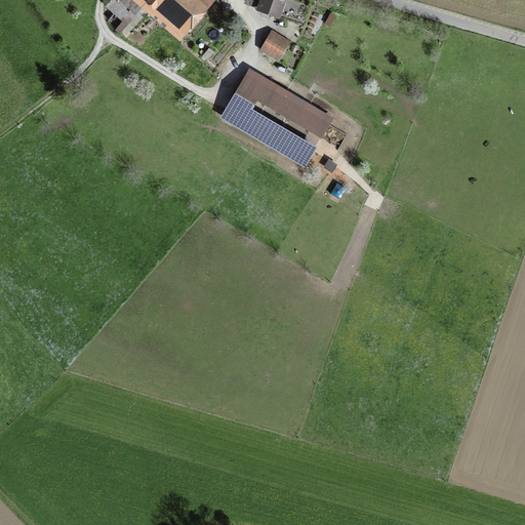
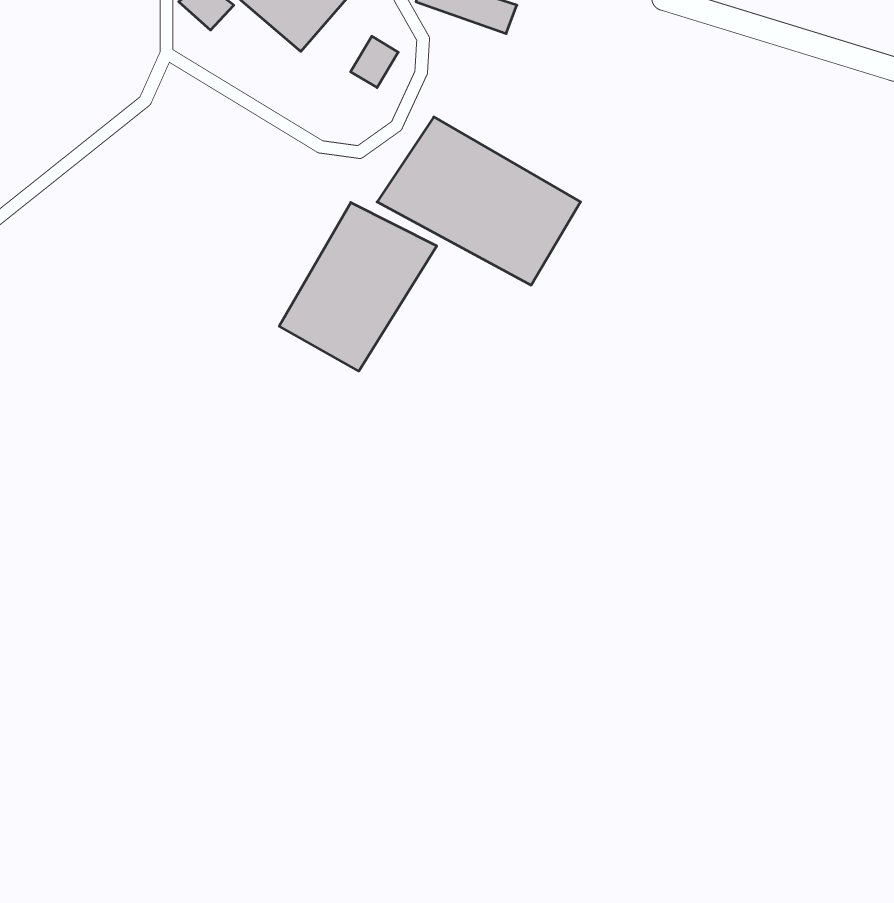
building: [255,29,283,58] -> [351,36,398,88]
building: none -> [279,202,437,371]

